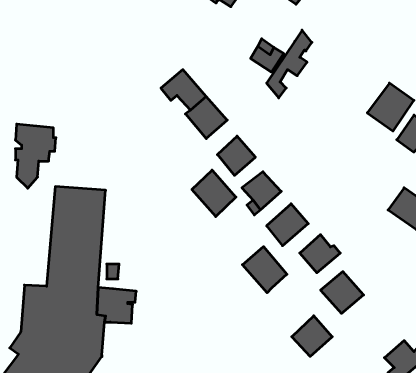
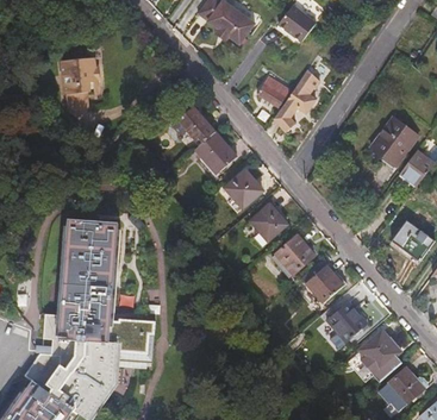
building: [15,124,56,188] -> [67,57,106,119]
building: [192,170,236,217] -> none
building: [242,247,287,293] -> none
building: [292,316,332,356] -> [360,330,399,369]

